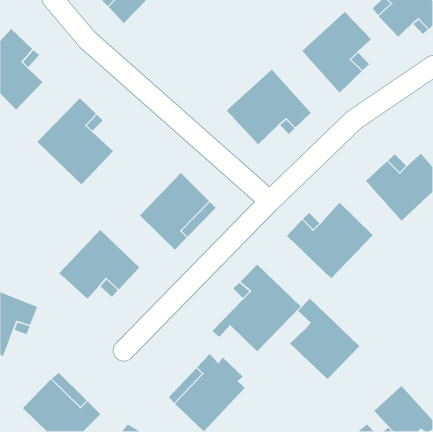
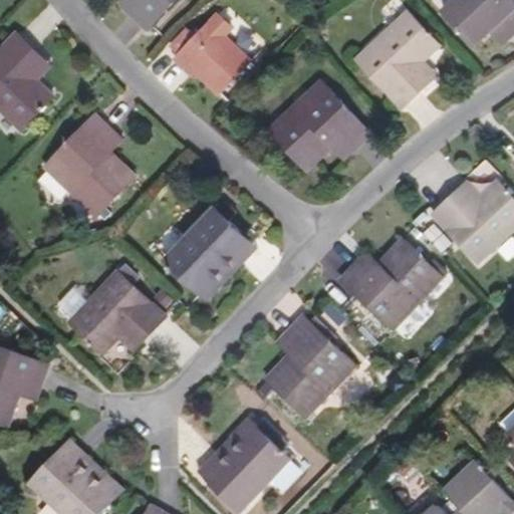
building: none -> [171,13,261,93]
building: [289,298,360,380] -> none

